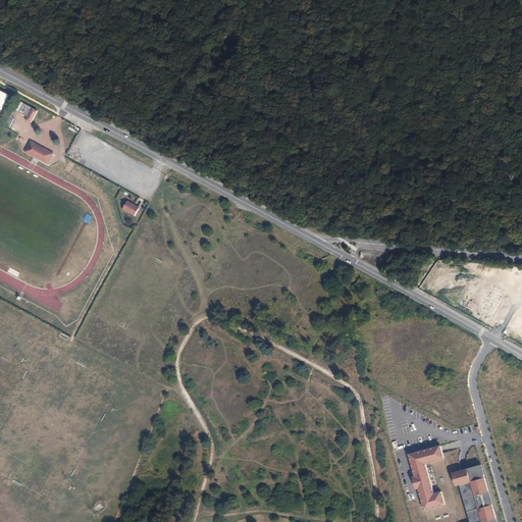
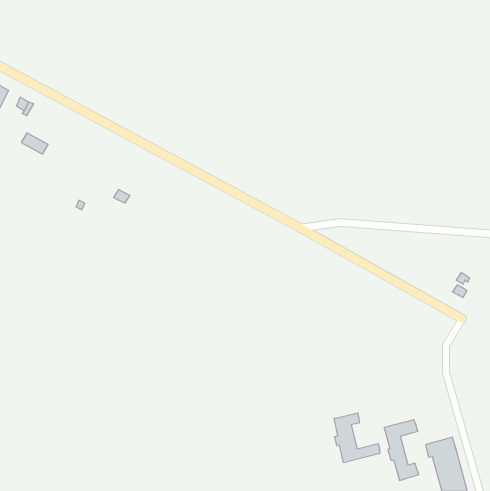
building: none -> [334,413,380,463]

